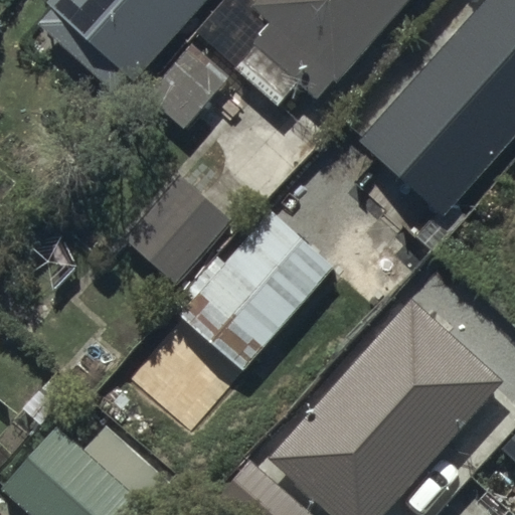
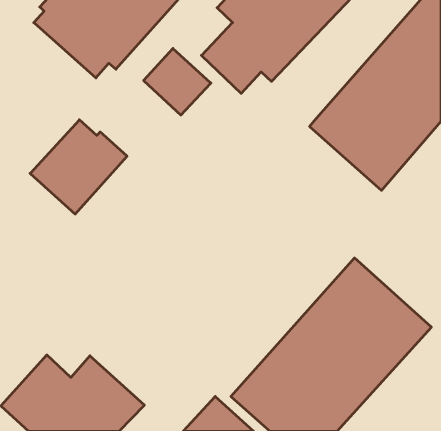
building: [121,174,233,284] -> [30,120,127,214]
building: [179,205,336,370] -> none

